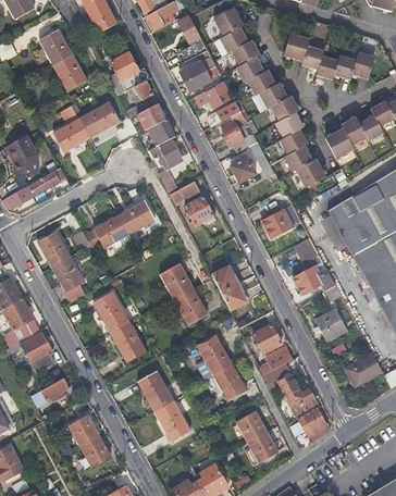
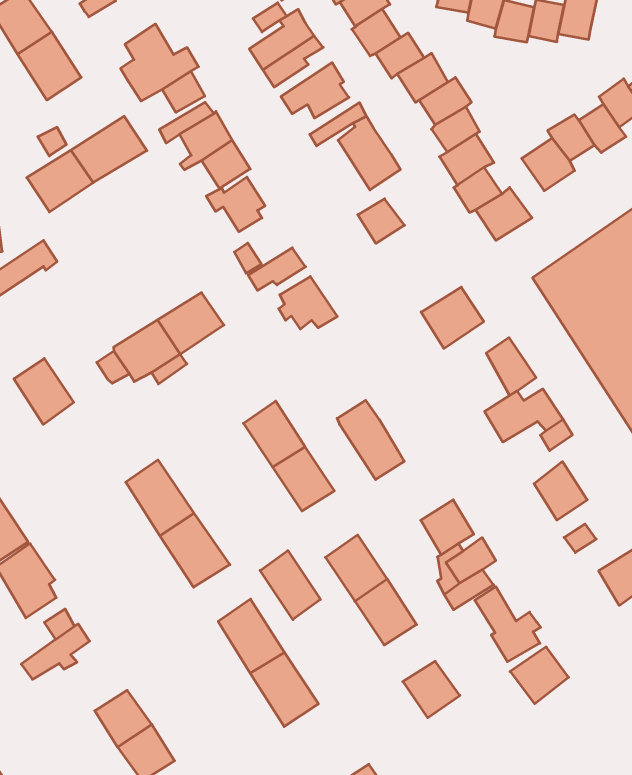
building: [52,256,84,290] -> none
building: none -> [260,551,320,620]
building: [249,431,280,462] -> none

